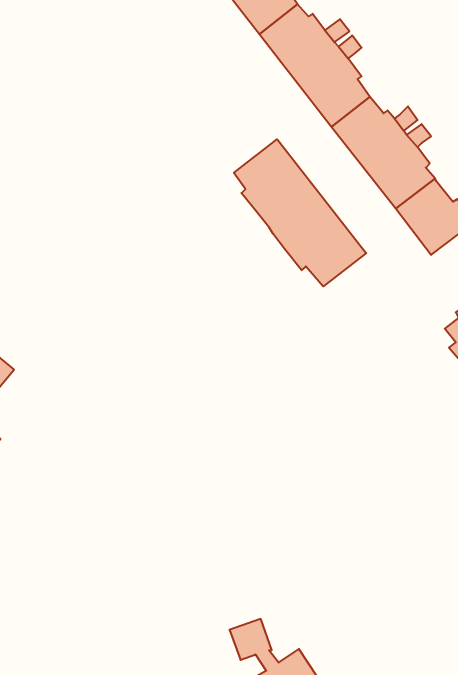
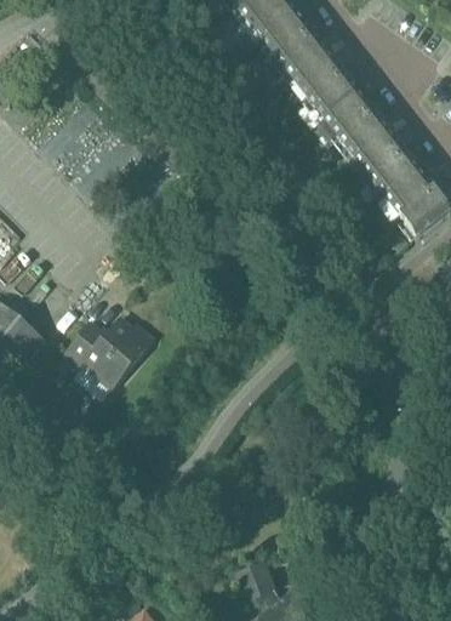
building: [234,139,366,286] -> none
building: none -> [64,318,150,391]

